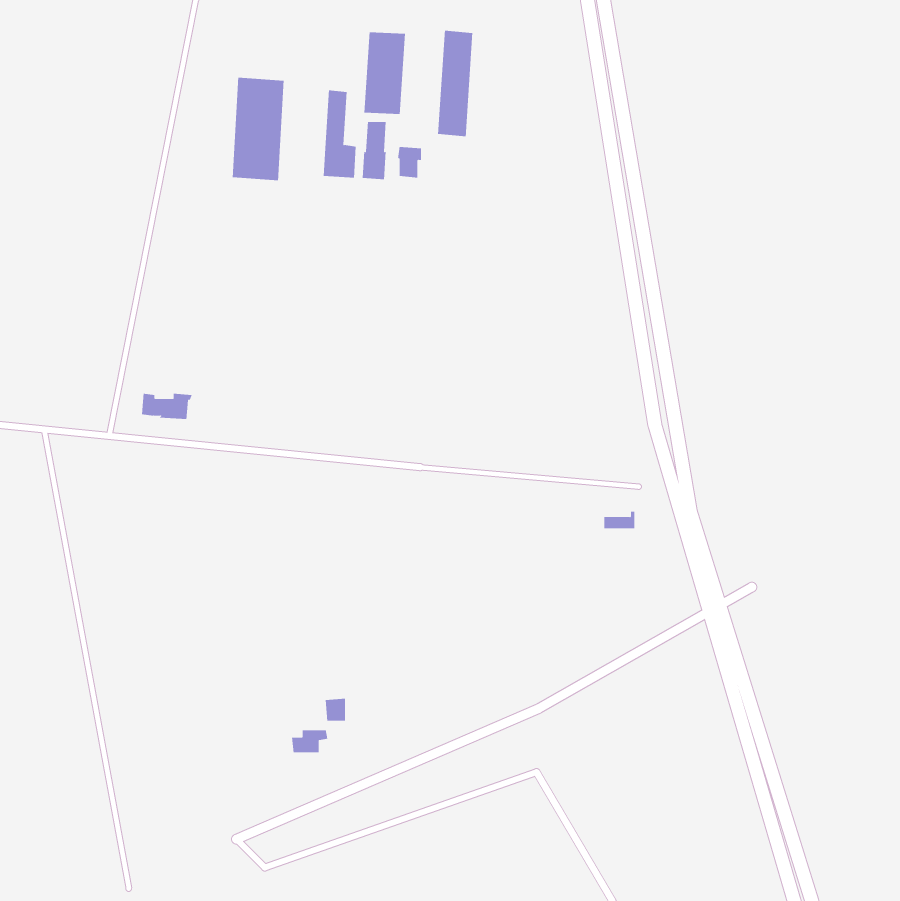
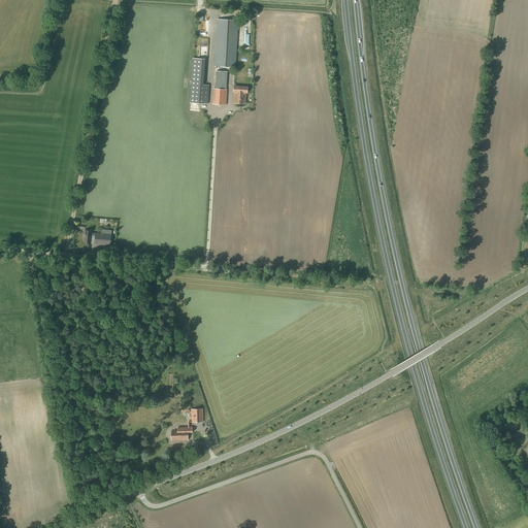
building: [438,30,473,137] -> none
building: [232,77,284,181] -> none

